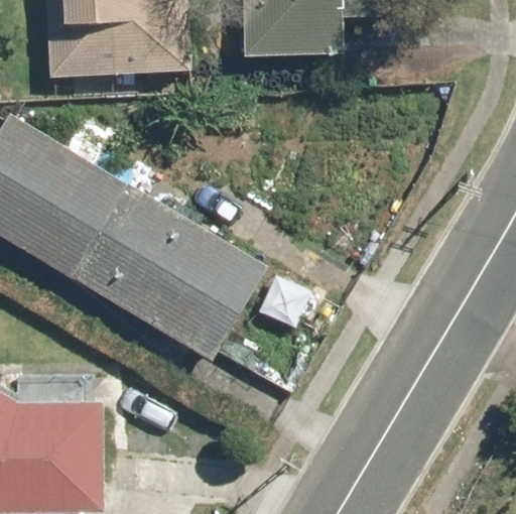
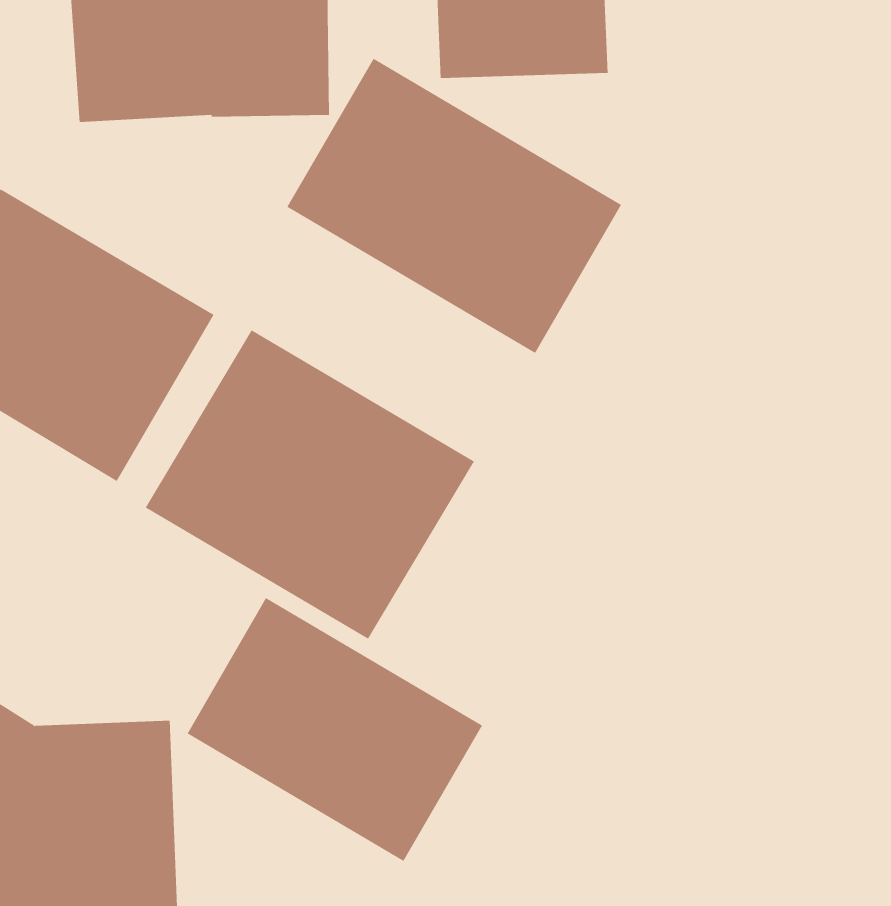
building: none -> [287,58,622,354]
building: none -> [187,597,483,862]

